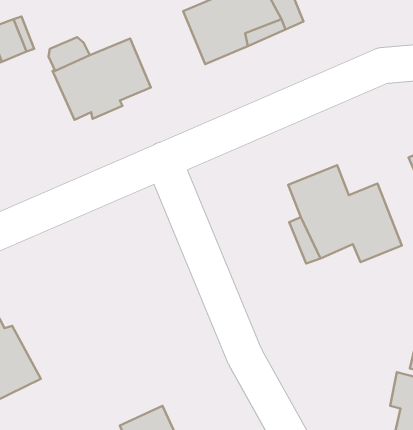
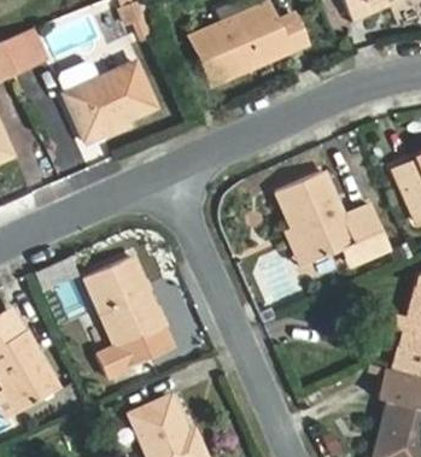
building: none -> [86,257,171,377]

